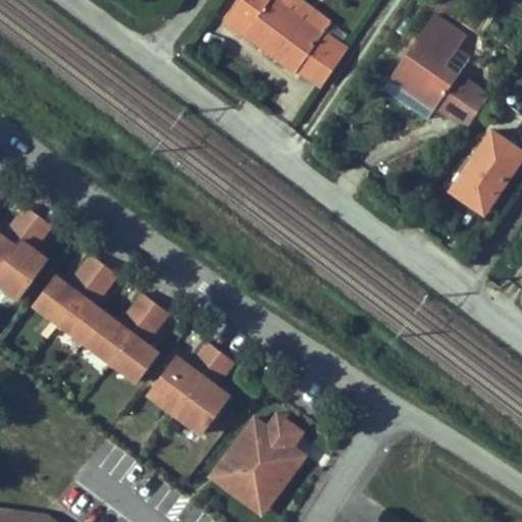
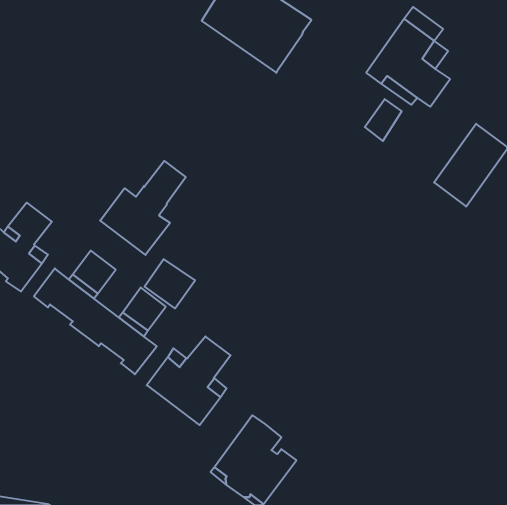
building: [284,32,333,87] -> none
building: [439,81,477,123] -> [365,99,402,141]
building: none -> [100,161,186,255]
building: none -> [145,259,195,308]
building: [271,420,309,470] -> none

